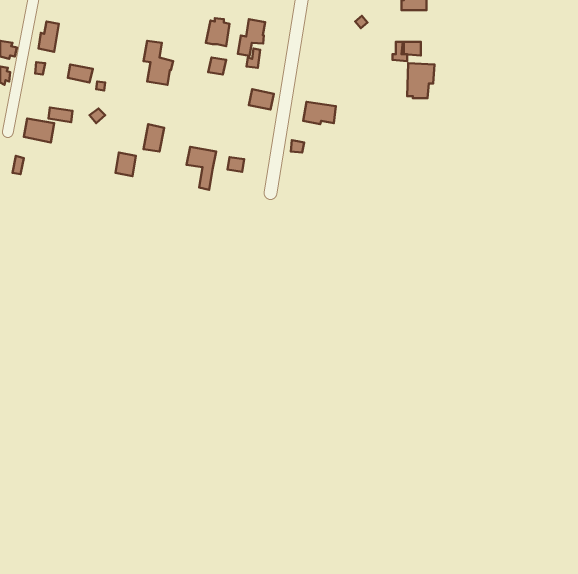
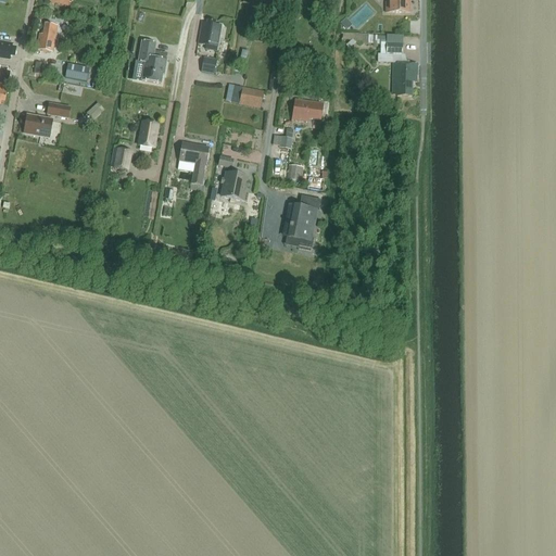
building: [238,19,265,56] -> none
building: none -> [222,172,248,200]
building: none -> [282,194,320,244]

